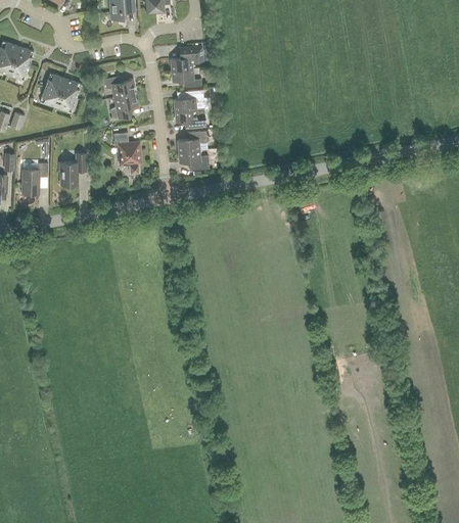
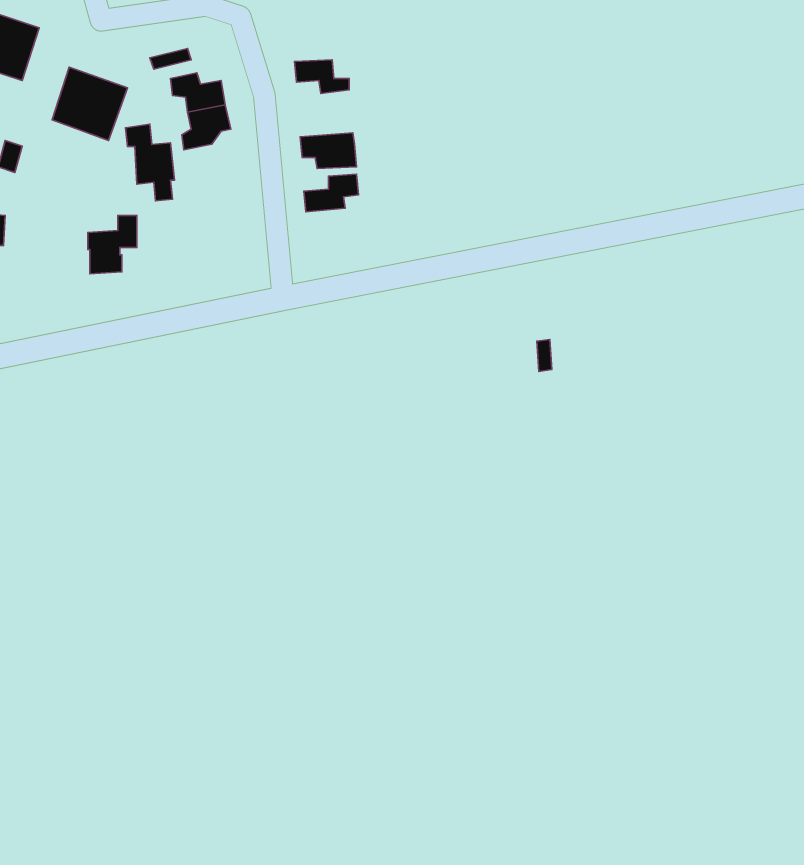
building: [171,45,203,69] -> none
building: [174,90,203,110] -> none
building: [113,132,140,174] -> [126,124,174,201]
building: [178,149,209,170] -> none
building: [21,162,48,193] -> none

